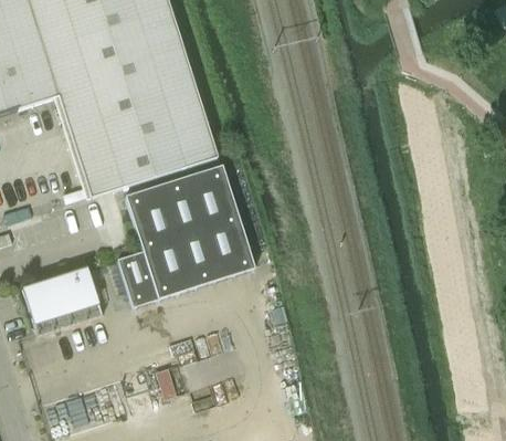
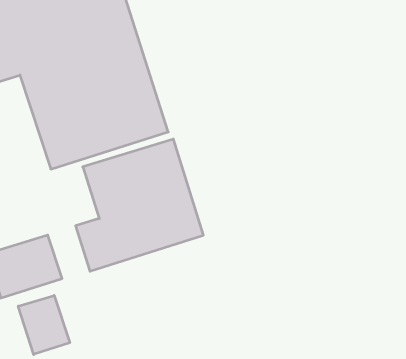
building: none -> [18,295,70,355]

